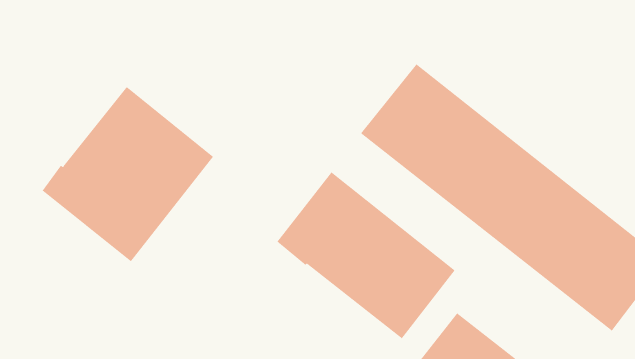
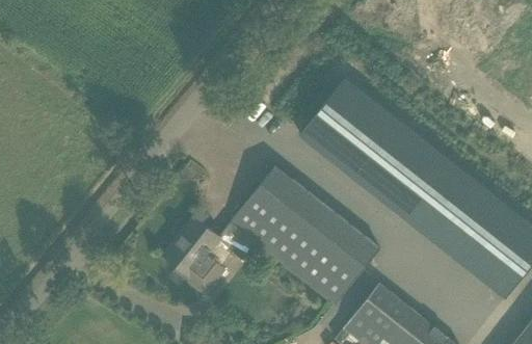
building: [42,86,214,262] -> none
building: none -> [164,218,255,293]

